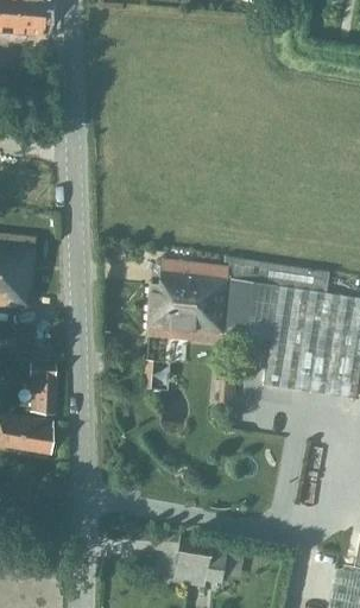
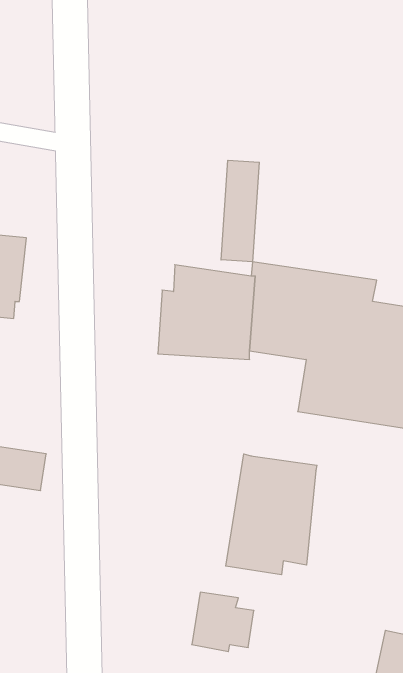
building: none -> [221,160,259,262]
building: [31,362,55,413] -> none
building: none -> [226,454,317,575]

